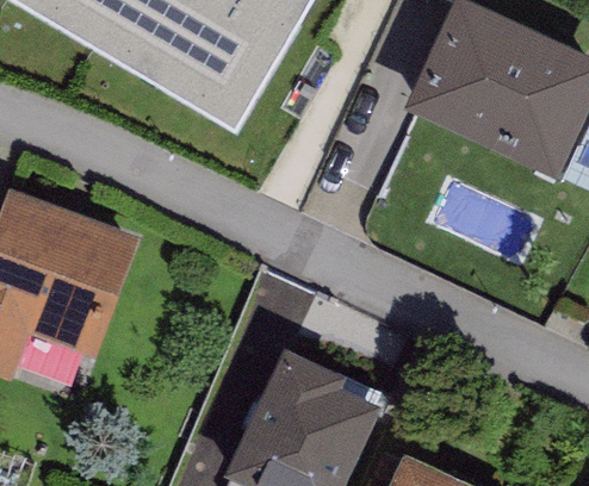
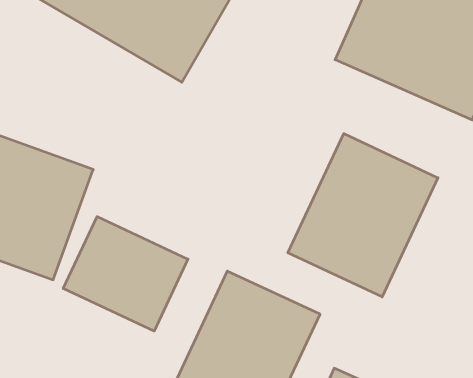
building: none -> [288,134,438,297]
building: none -> [63,217,188,331]

